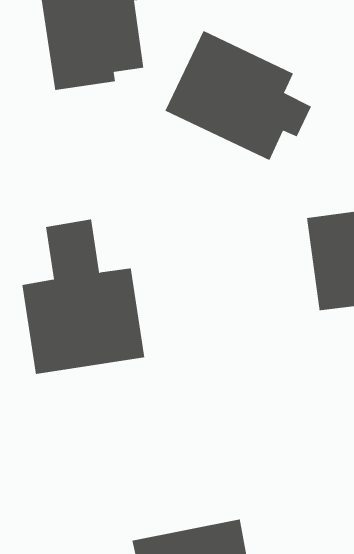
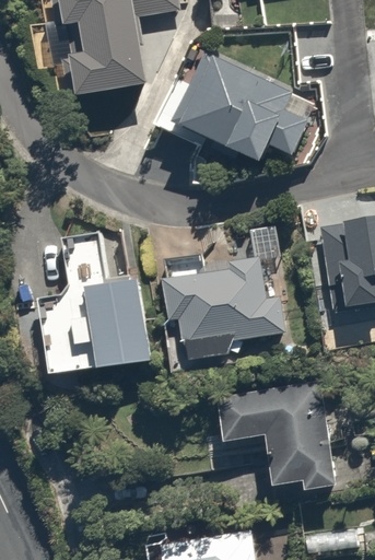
building: none -> [153,247,281,366]
building: none -> [210,372,340,491]

